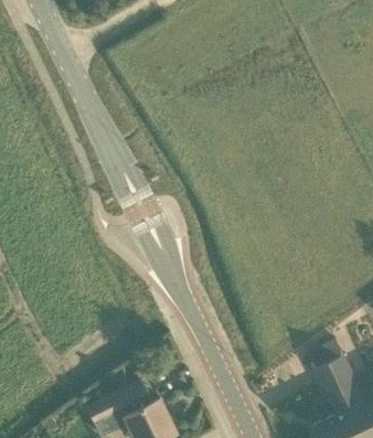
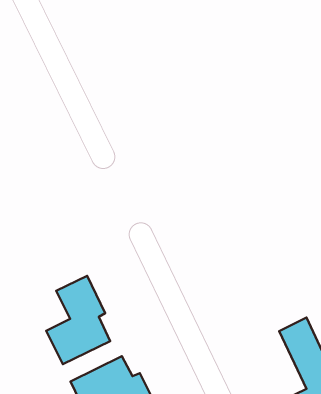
building: none -> [46,276,110,364]

